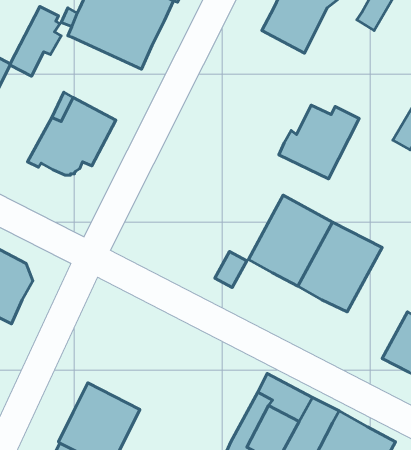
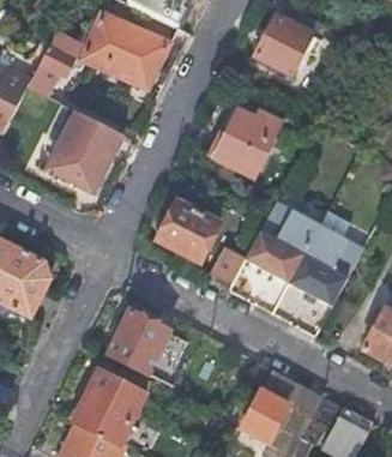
building: [279,105,359,179] -> [210,110,282,176]
building: none -> [159,202,221,261]
building: none -> [108,320,164,373]

